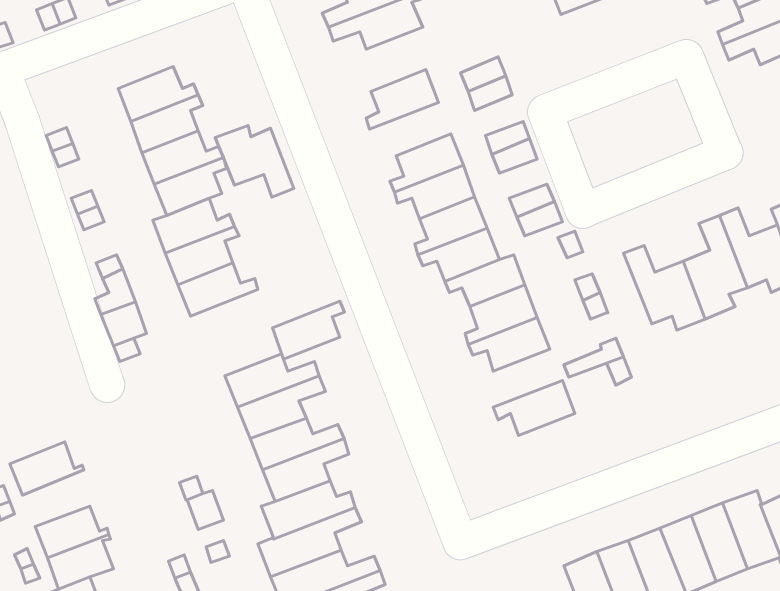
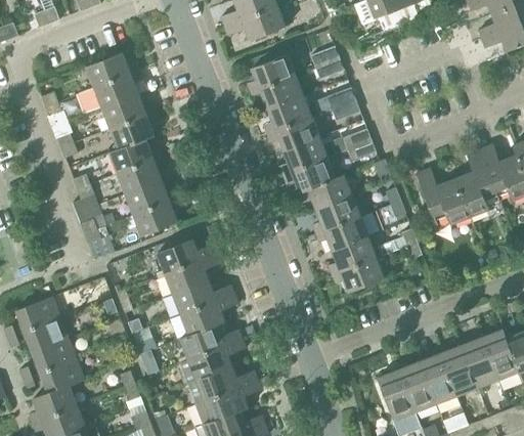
building: none -> [251,76,304,111]
building: [215,125,294,197] -> none
building: [272,301,345,359] -> [134,198,181,235]
building: none -> [329,236,377,274]
building: none -> [25,315,69,352]

